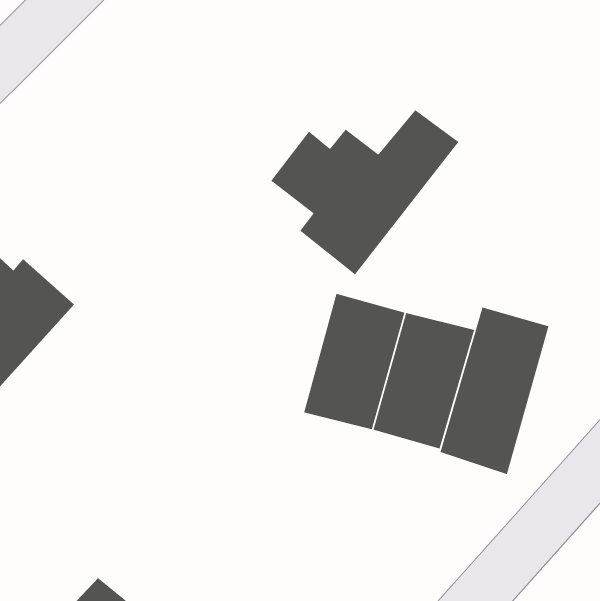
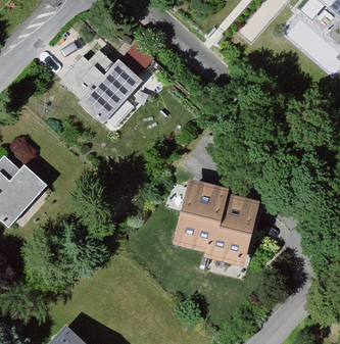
building: [270,109,460,275] -> [59,45,159,133]
building: [439,306,550,475] -> none

